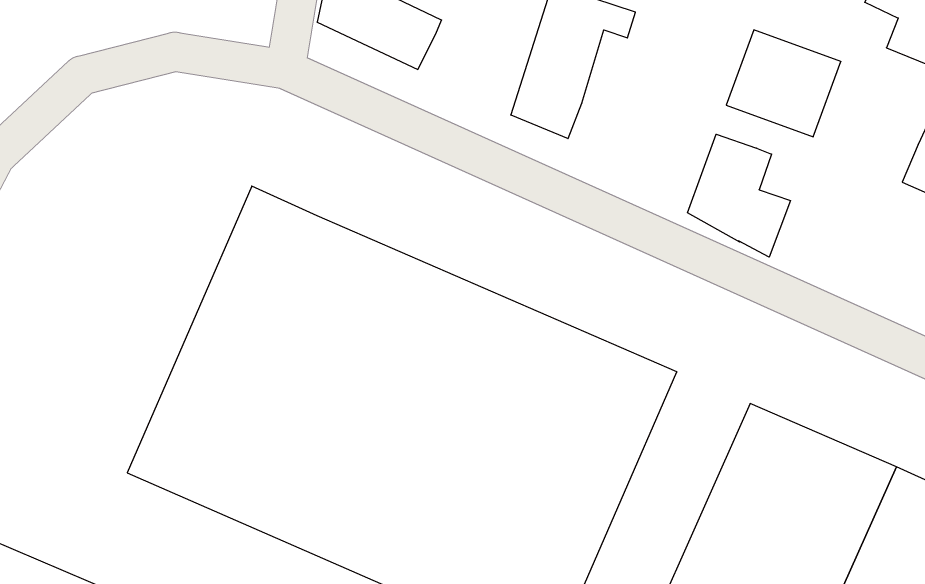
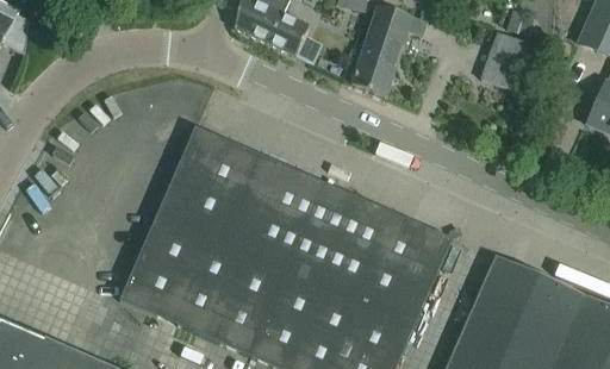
building: [687,134,791,257] -> none

